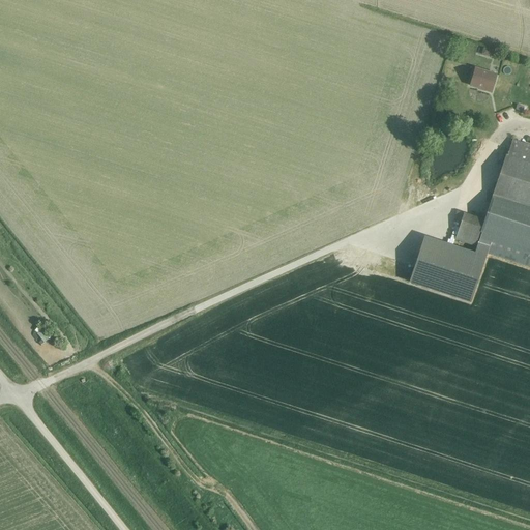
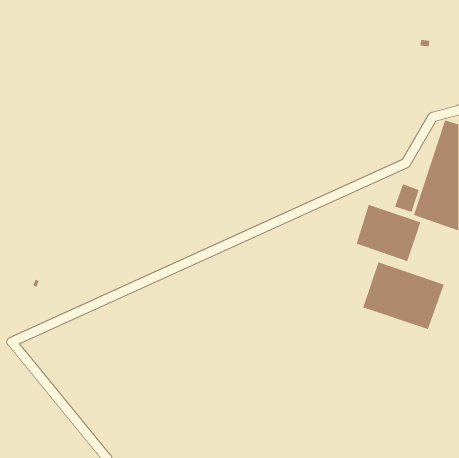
building: [470,66,497,91] -> none
building: none -> [362,261,445,330]

